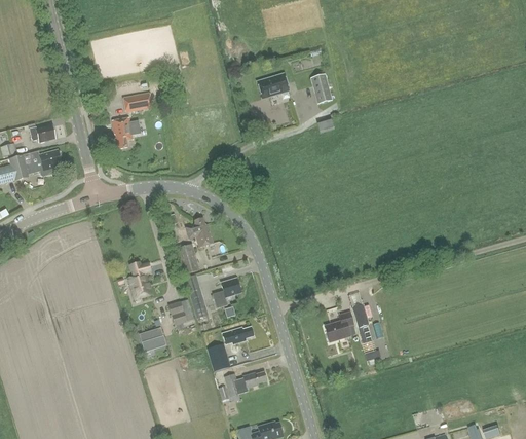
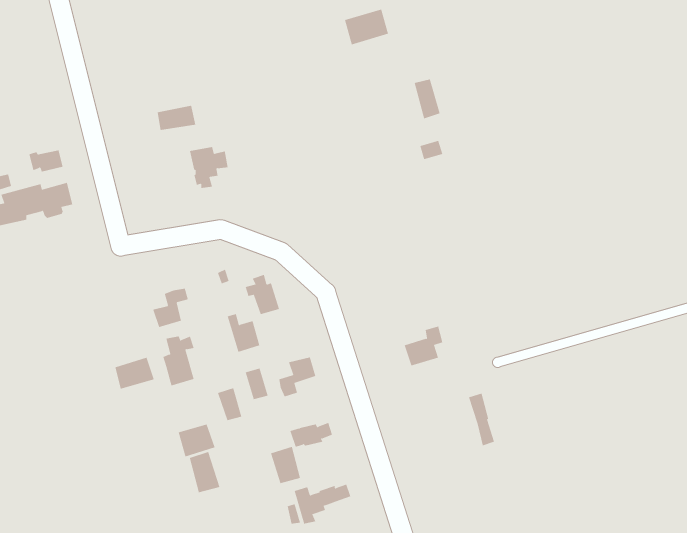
building: [256,72,289,99] -> [344,9,389,45]
building: [111,117,140,148] -> [189,146,228,188]
building: none -> [153,288,188,328]
building: none -> [115,357,155,390]
building: [324,312,352,341] -> [404,326,443,366]
building: none -> [189,451,220,493]

